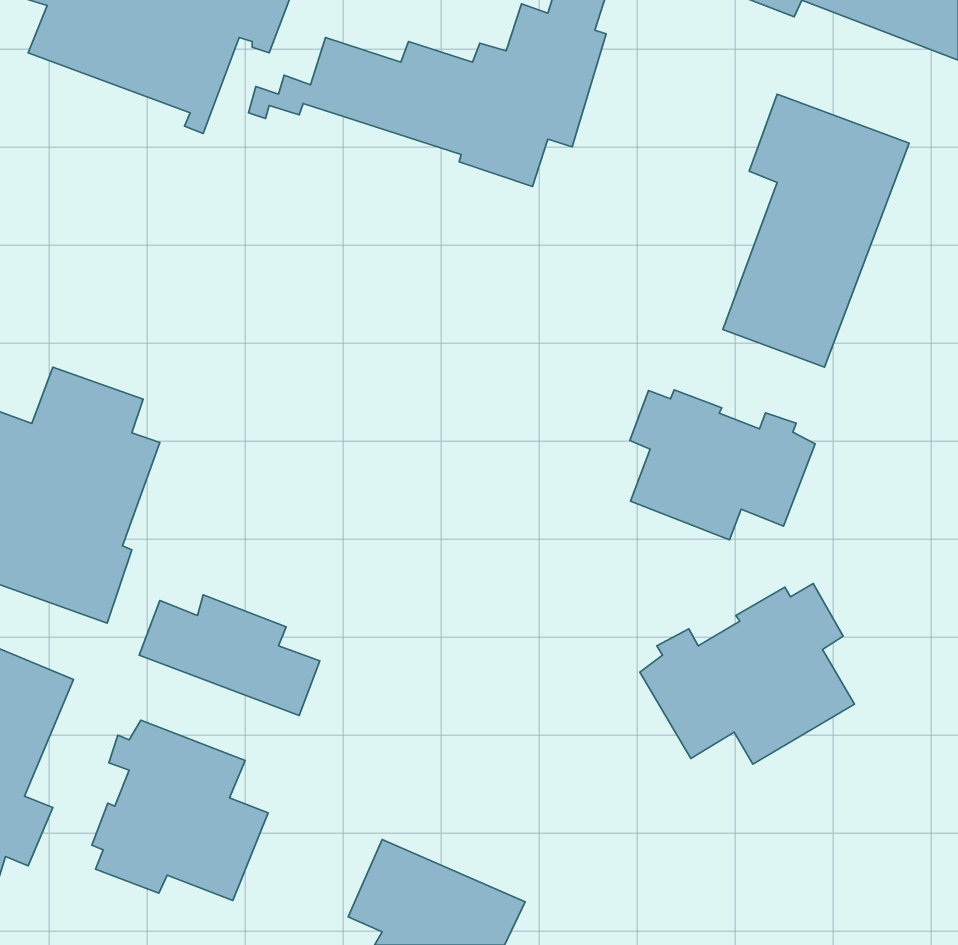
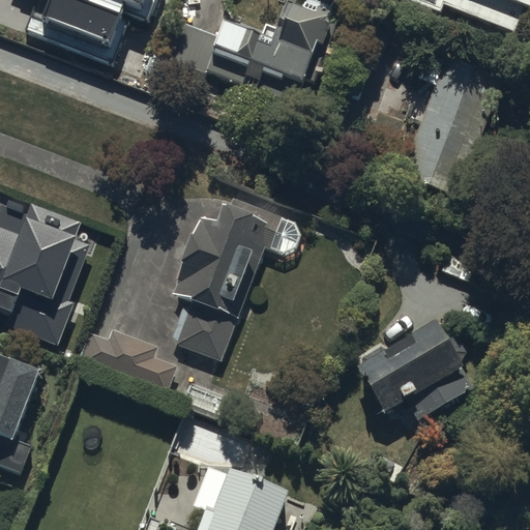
building: none -> [170,199,300,358]
building: [630,390,815,540] -> none
building: [92,720,268,901] -> none

